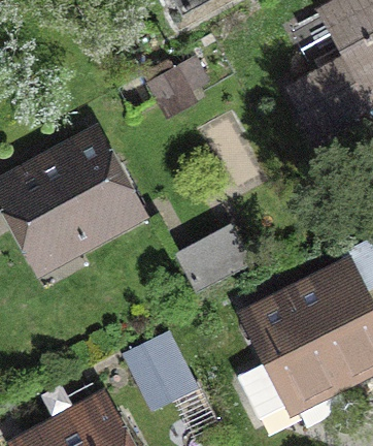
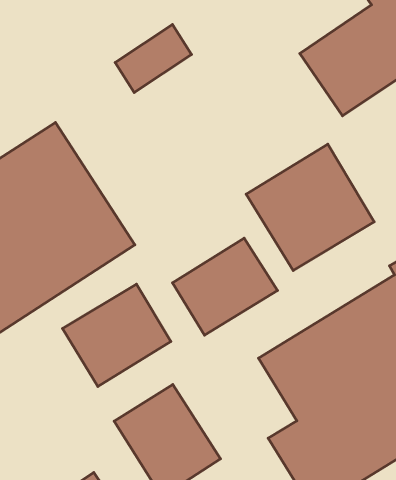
building: none -> [246,144,374,270]
building: none -> [62,284,171,387]

